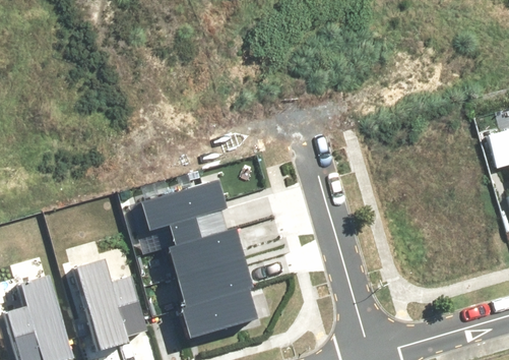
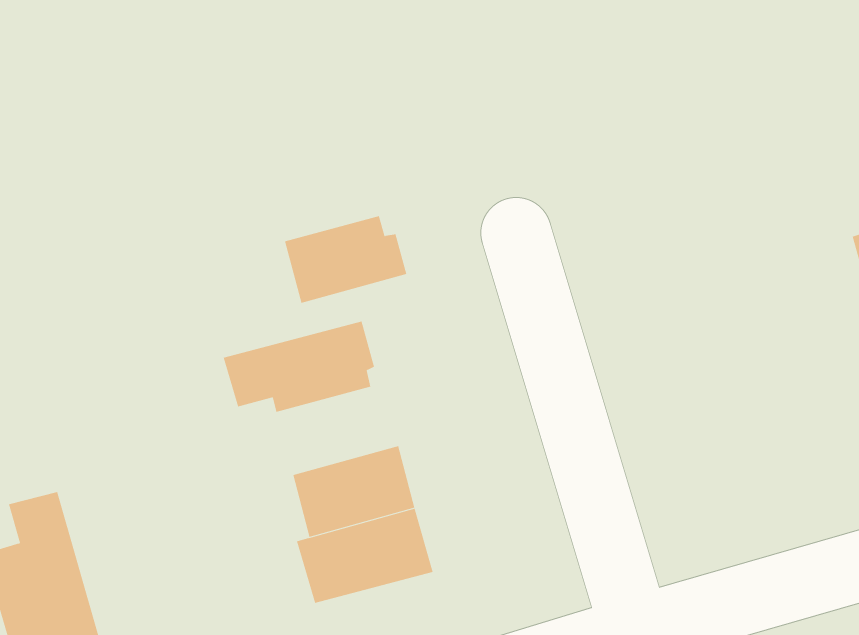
building: [170,219,238,267] -> [284,215,407,303]
building: [74,259,146,350] -> none

